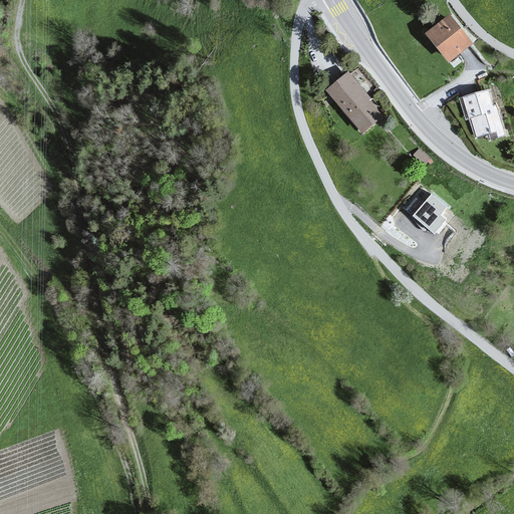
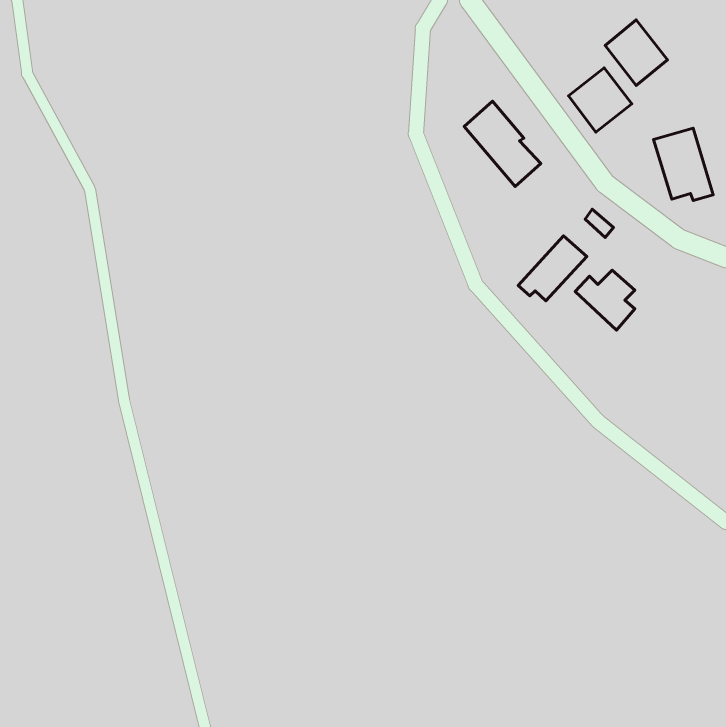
building: none -> [568,68,632,132]
building: none -> [518,236,587,301]

